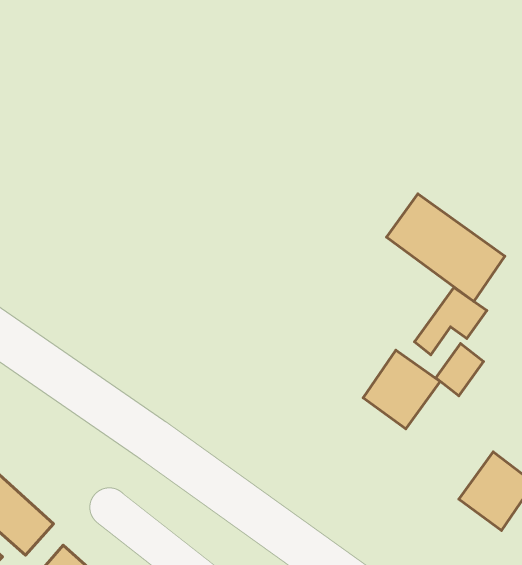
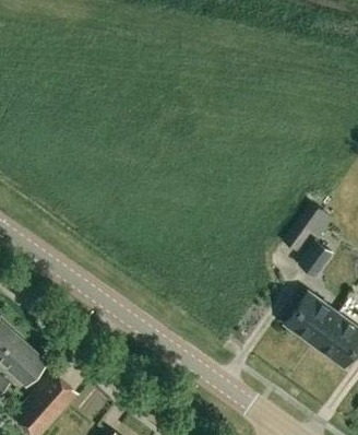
building: [386,194,505,301] -> none
building: [363,350,440,429] -> [286,294,337,346]

